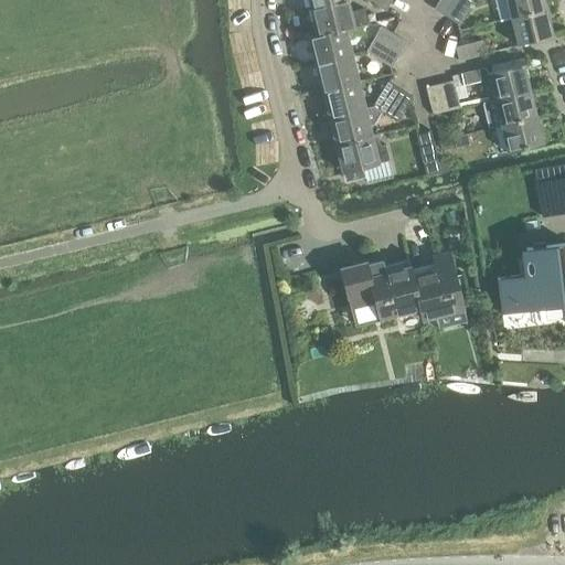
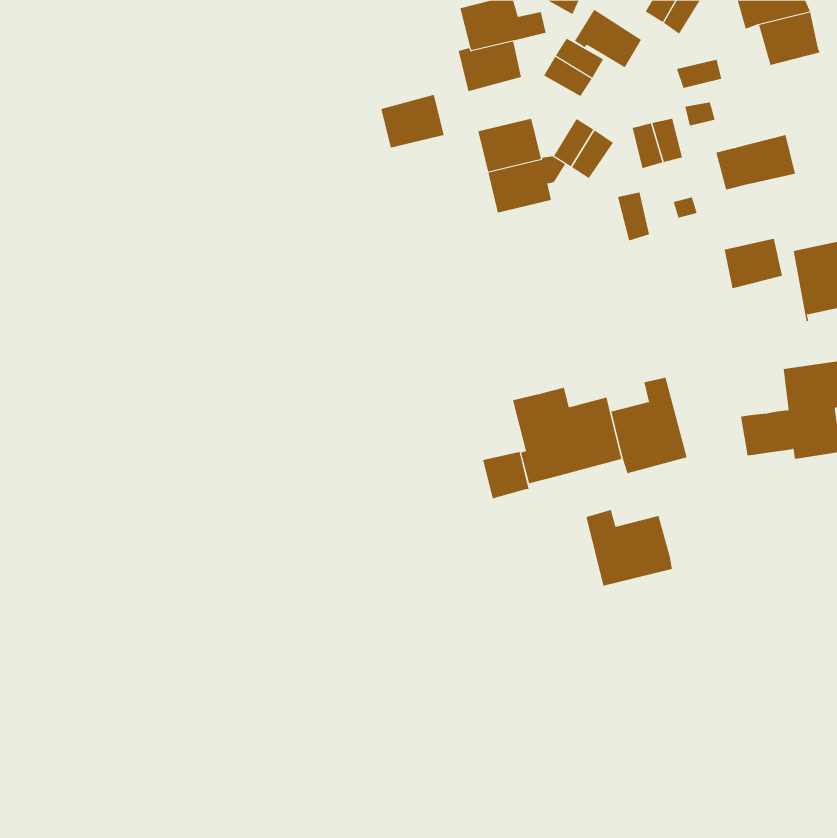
building: none -> [574,9,642,68]
building: [316,52,359,88] -> [380,94,444,148]
building: [489,63,530,99] -> none
building: [502,117,542,151] -> [724,238,783,289]
building: [335,132,390,180] -> none
building: none -> [483,451,529,499]
building: none -> [586,509,673,587]

